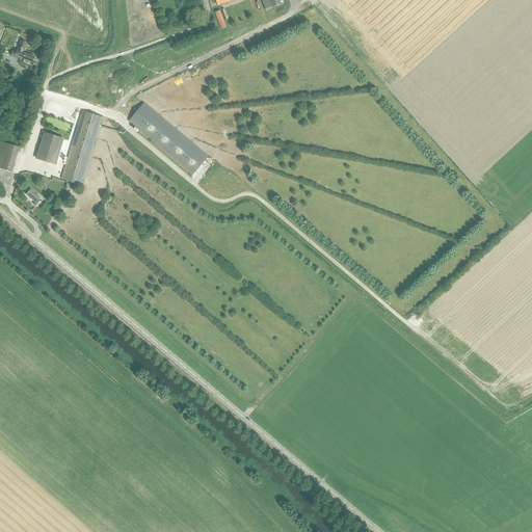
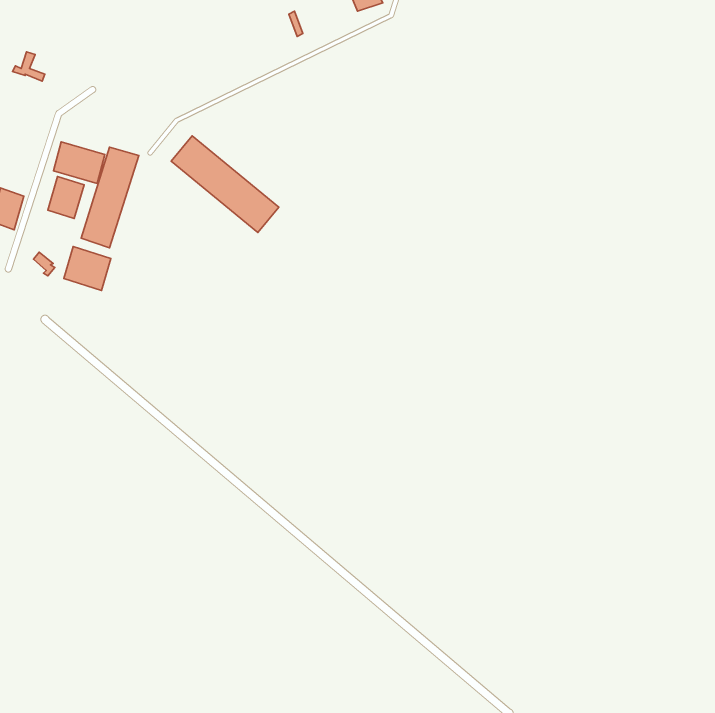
building: none -> [54,142,105,183]
building: none -> [64,247,111,291]

